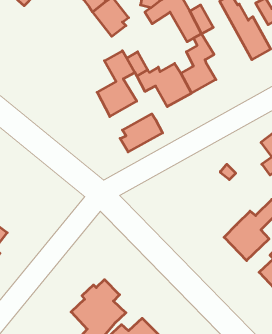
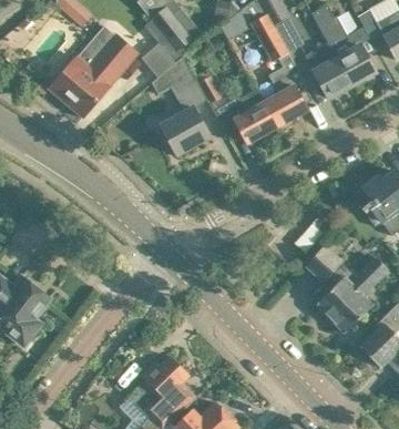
building: none -> [142,20,181,78]
building: none -> [49,34,136,118]
building: none -> [306,43,351,99]
building: [120,114,163,152] -> none
building: none -> [305,245,342,284]

